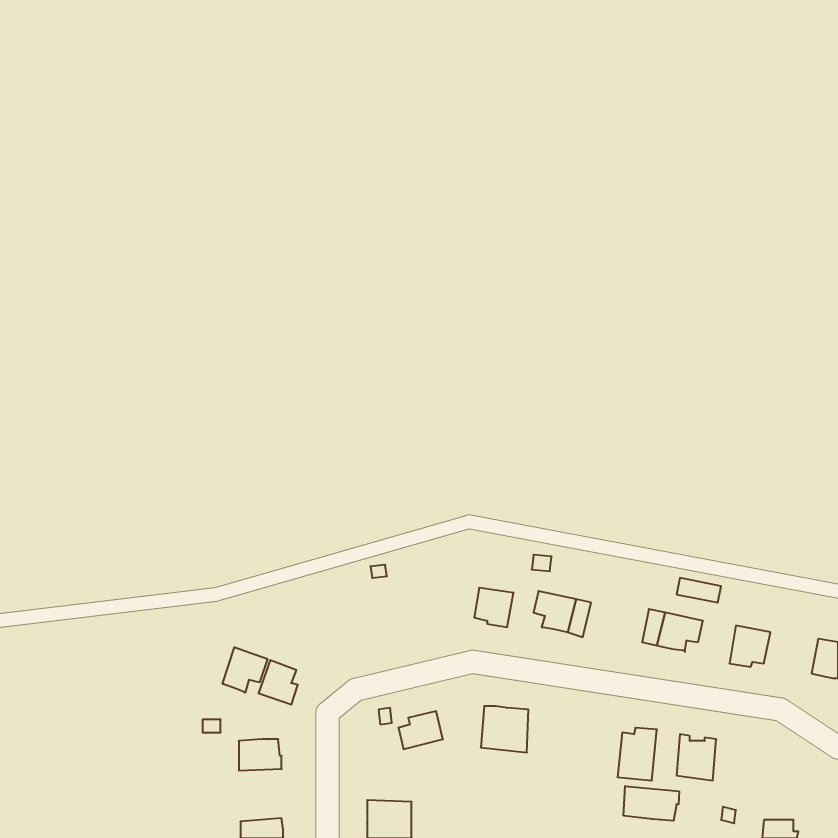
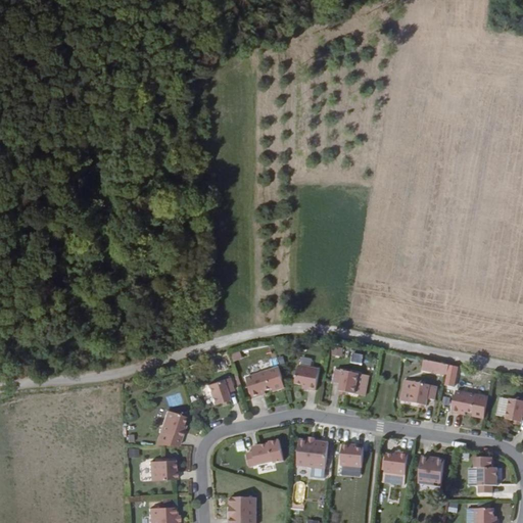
building: none -> [246,368,284,397]
building: none -> [206,377,233,403]
building: [223,647,267,693] -> none
building: none -> [341,442,364,465]
building: none -> [478,466,497,491]
building: [624,786,679,821] -> none

